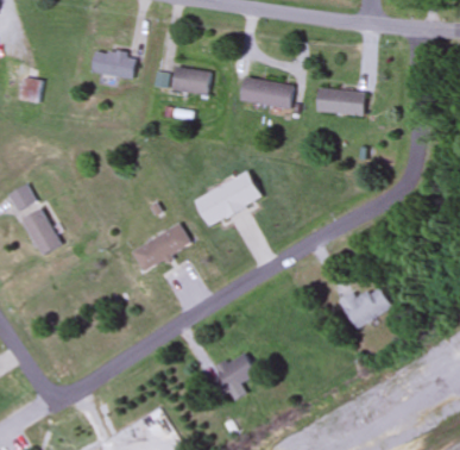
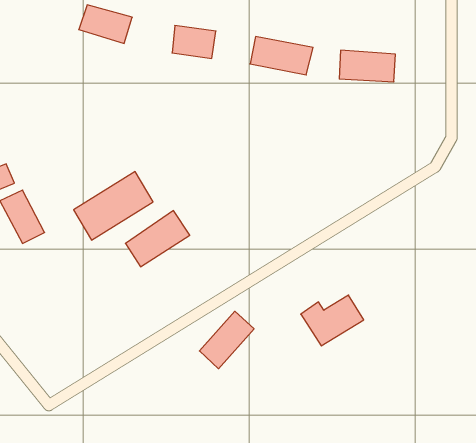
building: [194,170,263,230] -> [74,172,153,240]
building: [336,285,391,329] -> [301,295,364,346]
building: [204,349,252,399] -> [199,311,254,369]

